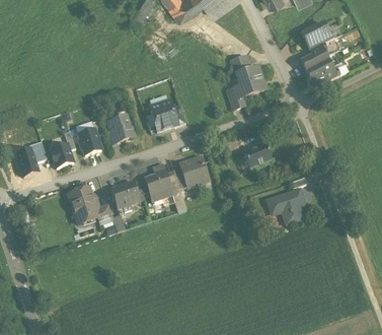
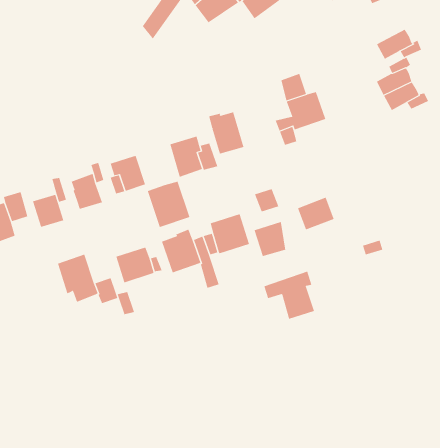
building: none -> [208,111,244,155]
building: none -> [147,181,190,228]
building: none -> [254,221,286,257]
building: [266,191,304,226] -> [263,271,315,320]

